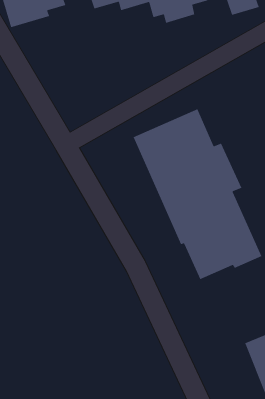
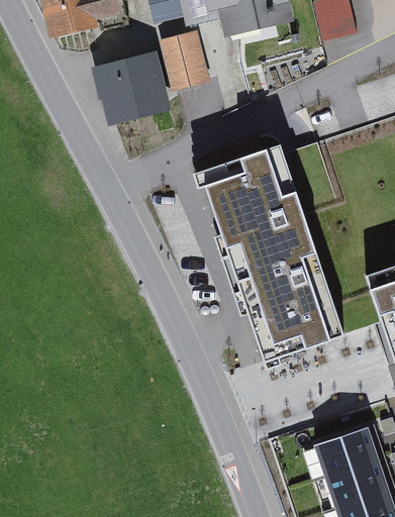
building: none -> [161,27,211,87]
building: none -> [96,48,172,122]

